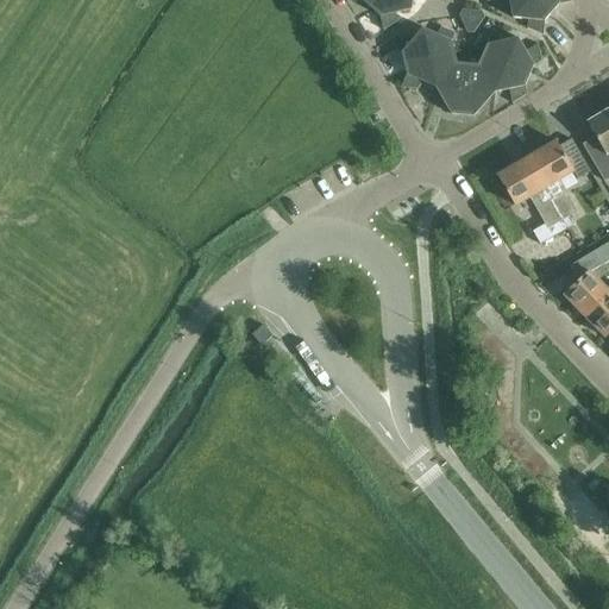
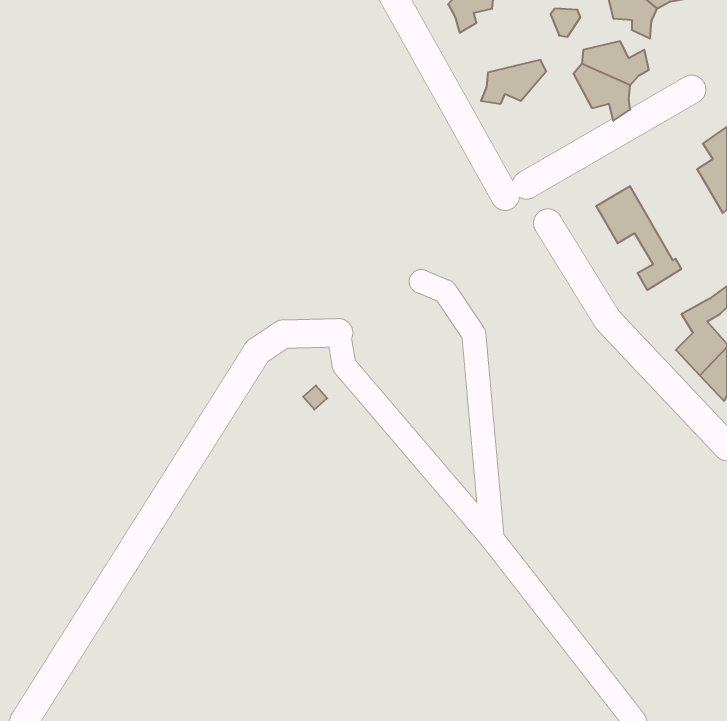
building: [391,26,453,61] -> none
building: [435,59,495,114] -> none
building: [527,137,591,218] -> none

